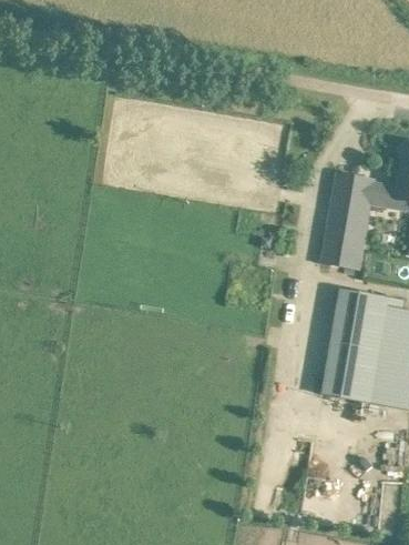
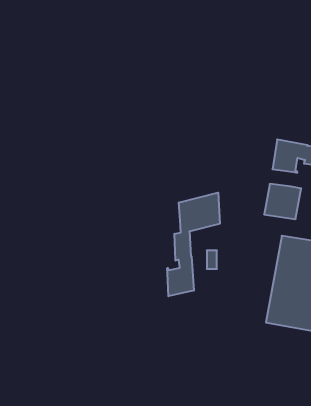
building: none -> [167,193,220,296]

